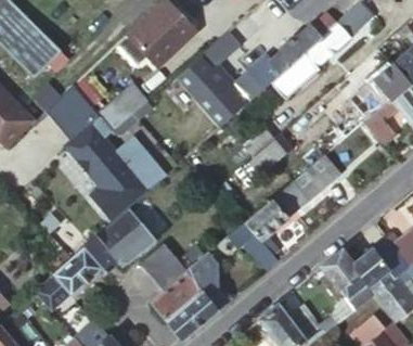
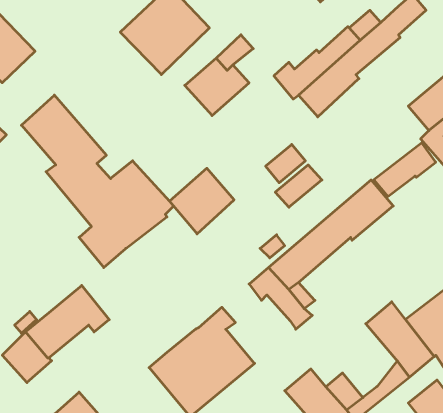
building: [198,76,249,128] -> [170,168,234,234]
building: [100,85,147,131] -> none
building: [95,207,157,269] -> none
building: [142,244,188,290] -> none

